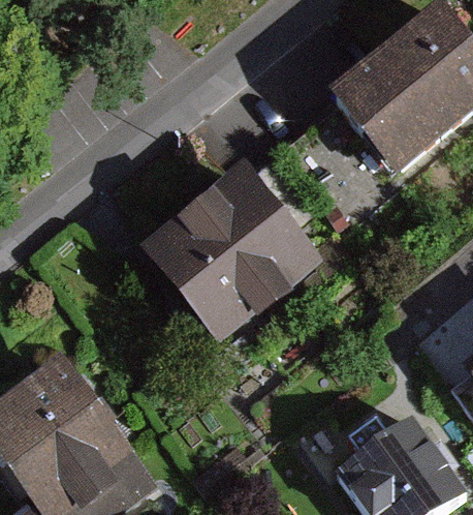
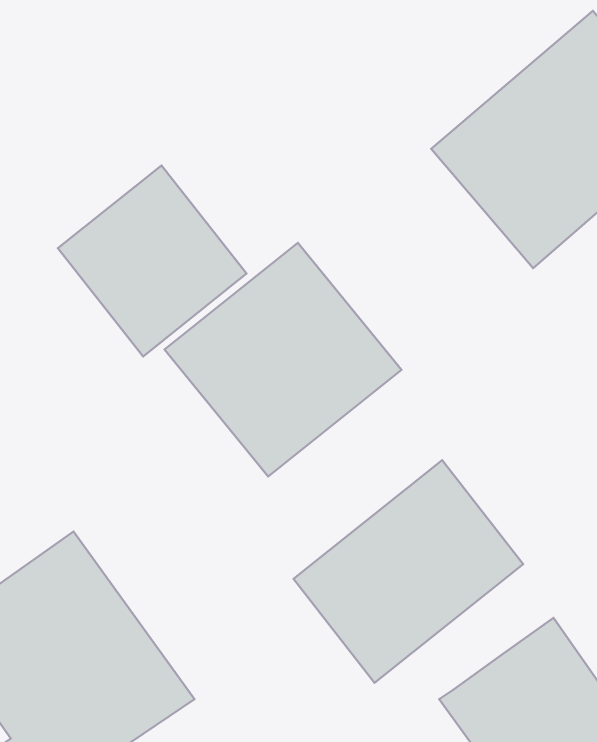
building: none -> [58,165,247,356]
building: none -> [294,460,523,683]

